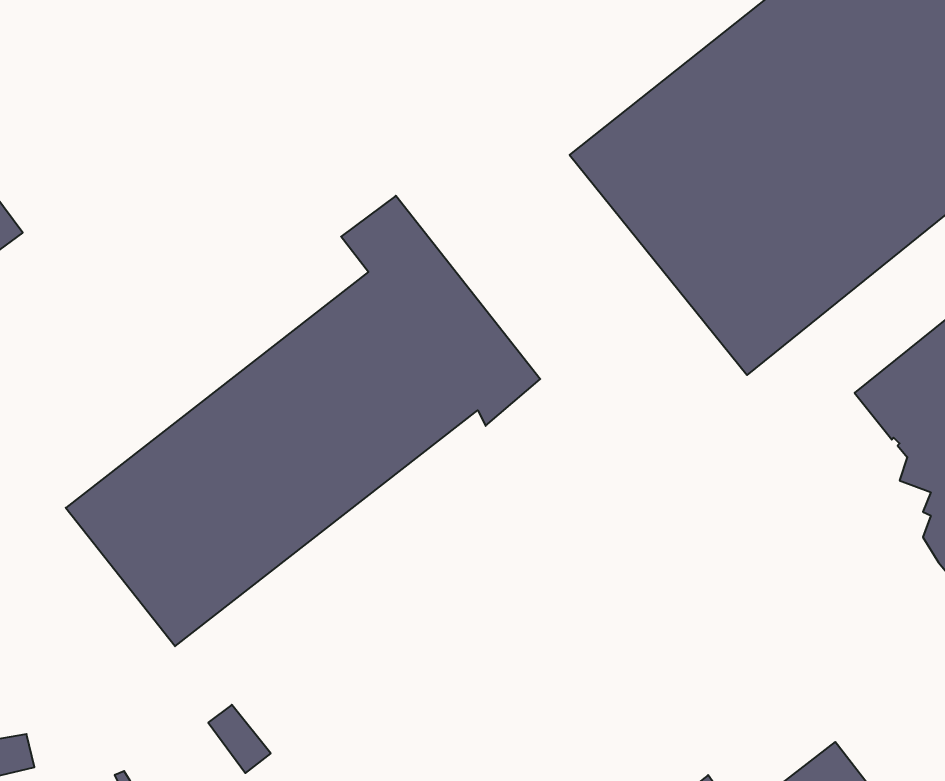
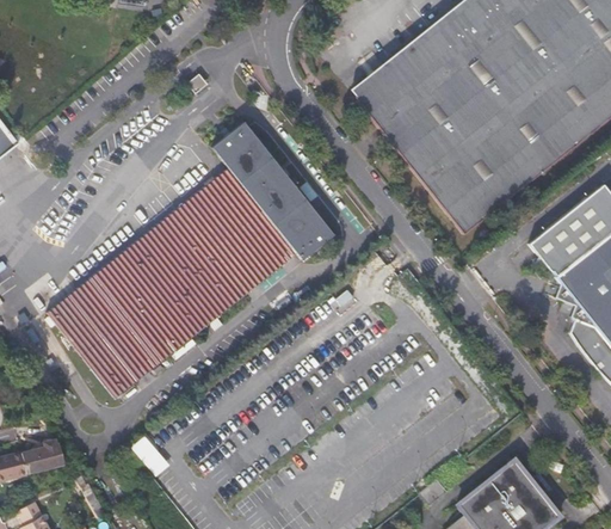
building: none -> [23,437,64,472]

